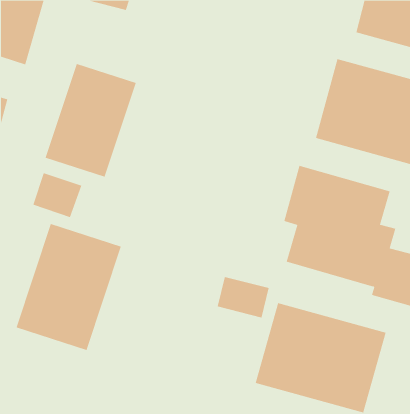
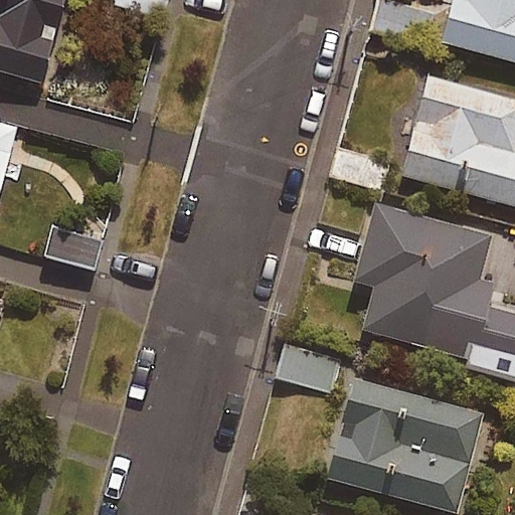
building: [45,63,136,178] -> none
building: [16,223,121,351] -> none

